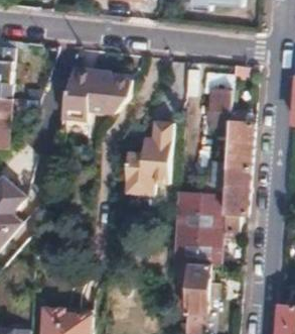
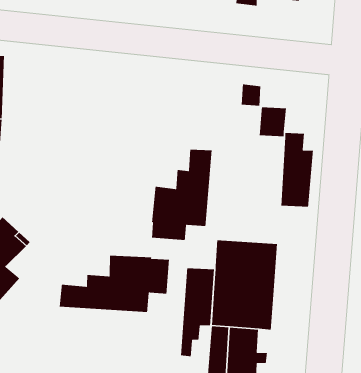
building: [60,67,131,118] -> none
building: [222,168,249,238] -> [180,267,215,357]
building: none -> [59,255,170,313]

